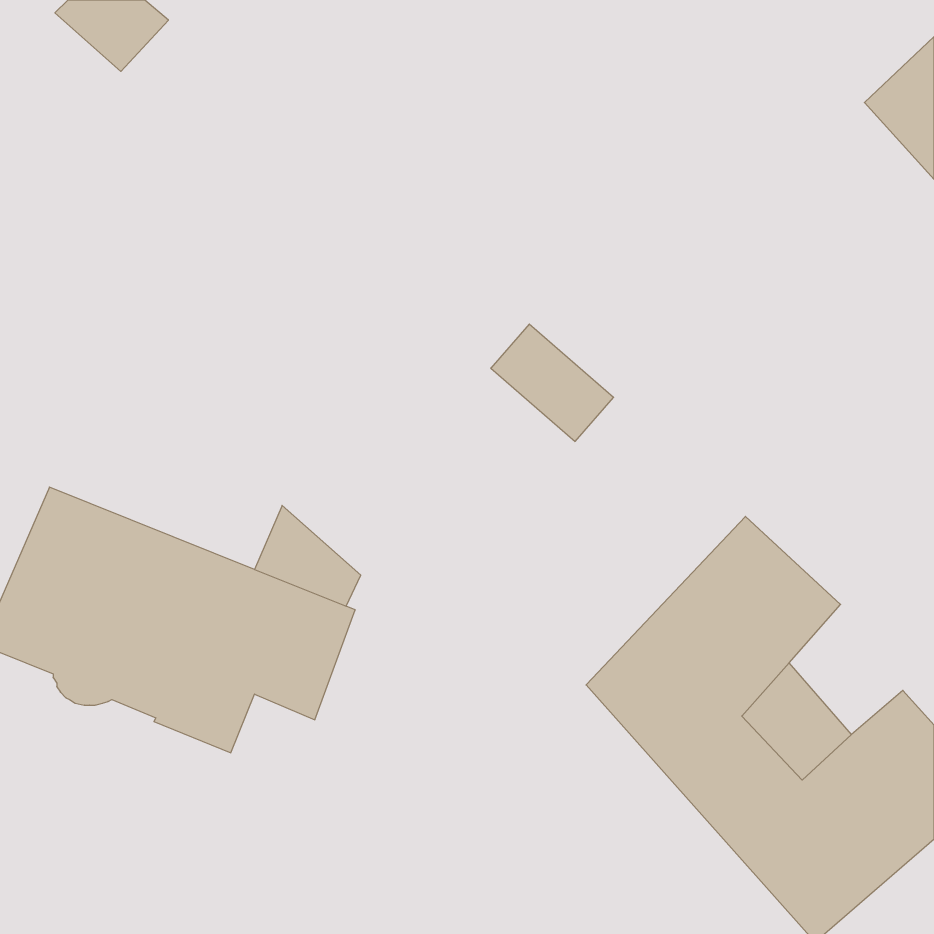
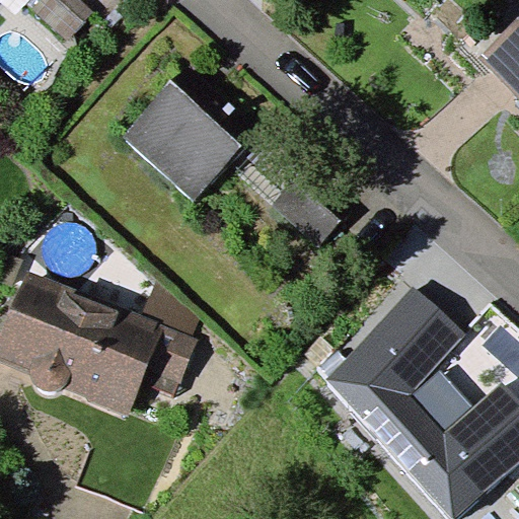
building: none -> [122,63,258,200]

